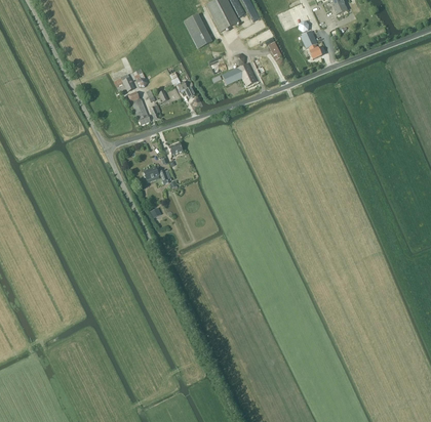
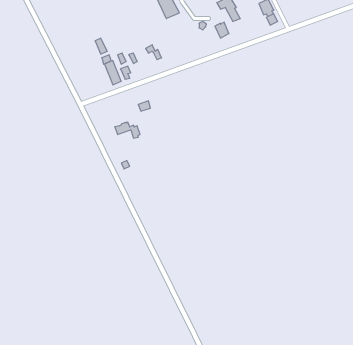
building: [223,62,256,85] -> none

